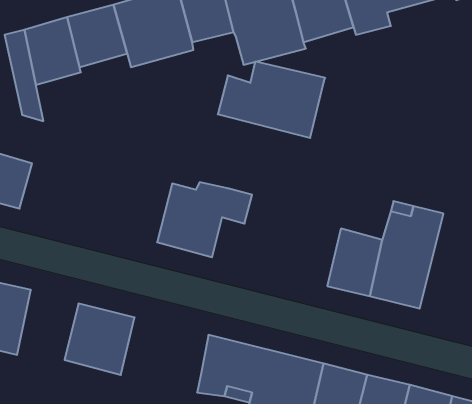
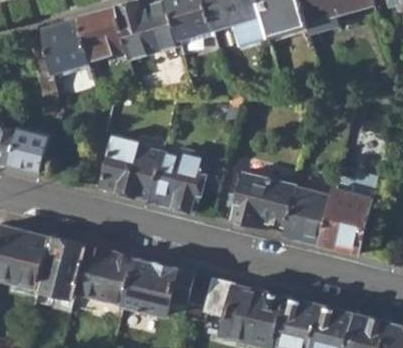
building: [218,62,325,138] -> [211,173,297,234]
building: none -> [101,137,162,199]
building: none -> [37,237,86,298]
building: none -> [120,259,190,316]

